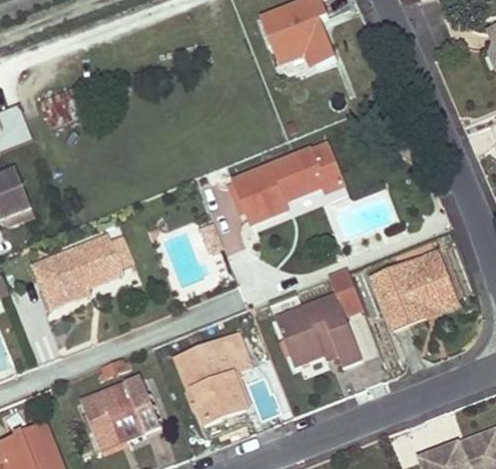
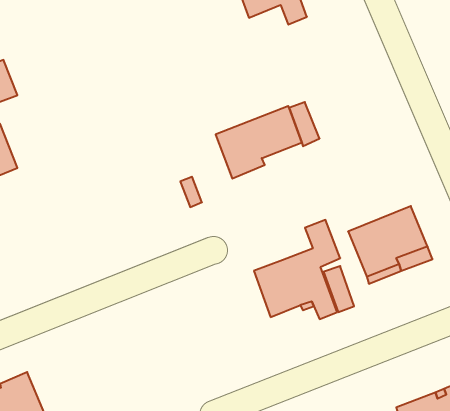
building: [34,237,121,310] -> none
building: [177,334,249,426] -> none
building: [80,378,158,445] -> none

